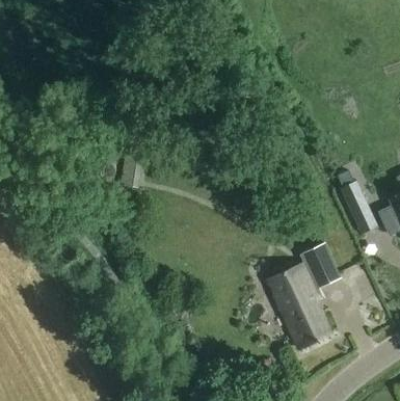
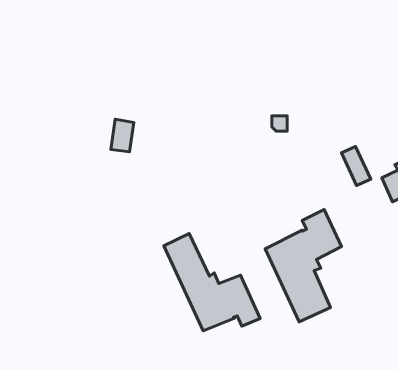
building: none -> [164,233,260,331]

